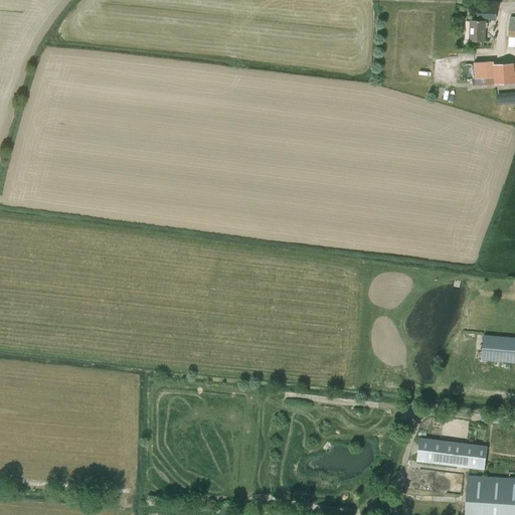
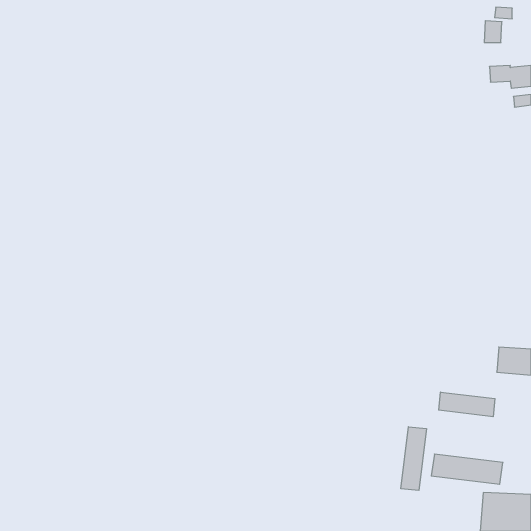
building: none -> [439,392,495,417]
building: none -> [401,427,426,490]

